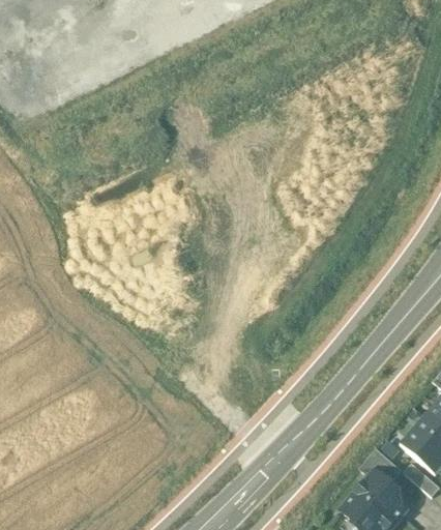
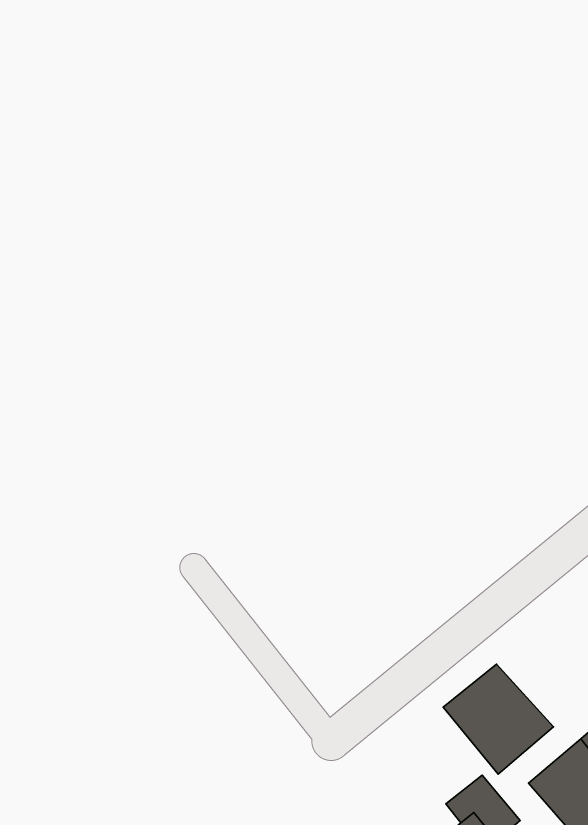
building: none -> [443,664,554,774]

